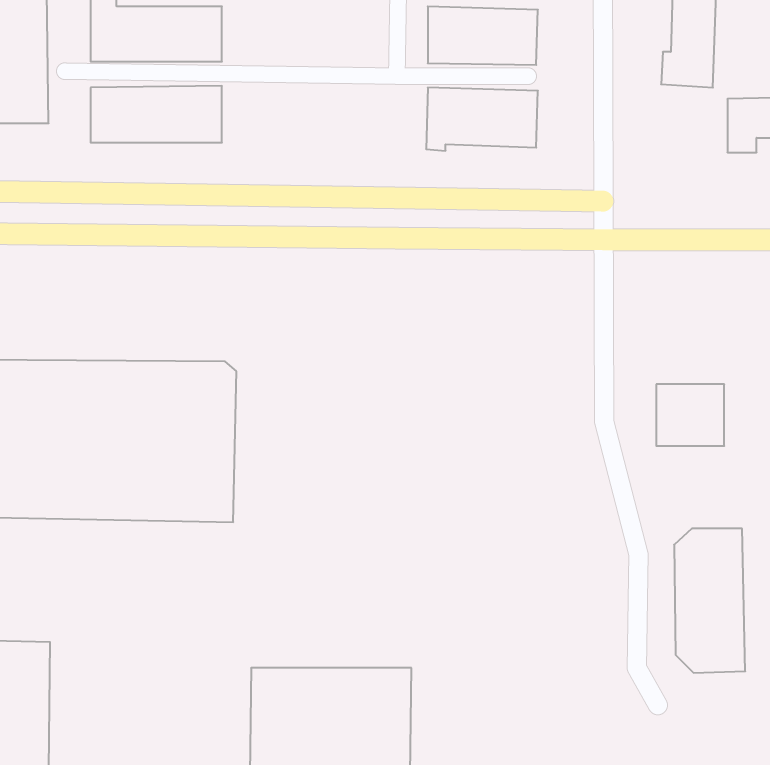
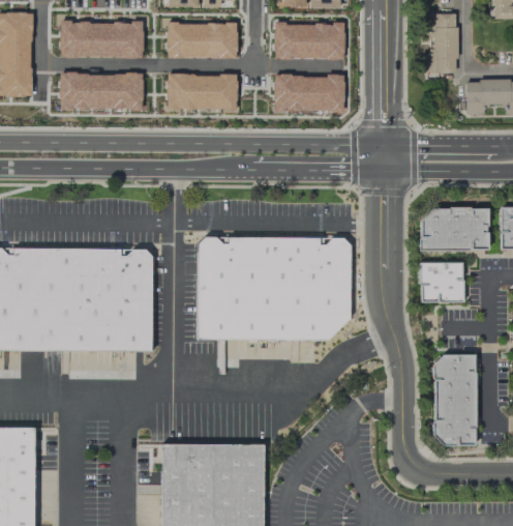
building: none -> [168,23,238,58]
building: none -> [167,74,238,113]
building: none -> [422,209,488,249]
building: none -> [198,237,351,341]

